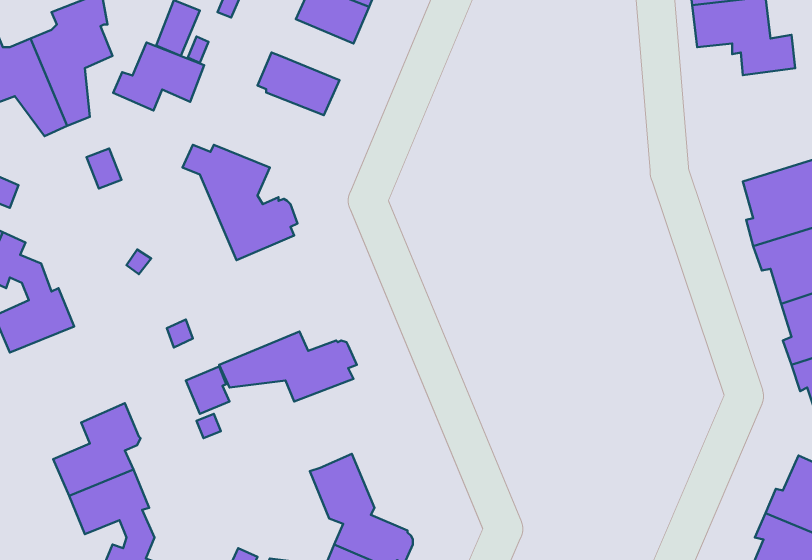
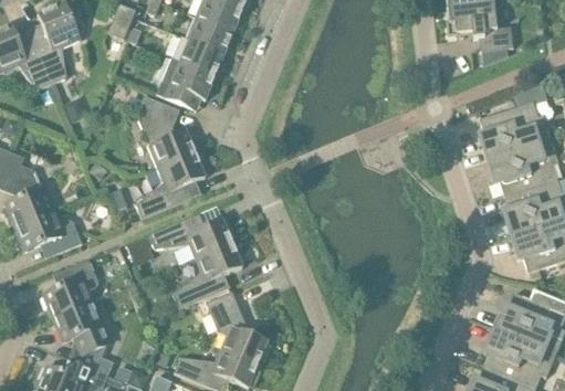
building: none -> [186,17,232,55]
building: [113,42,204,110] -> [156,63,213,106]
building: none -> [135,154,207,219]
building: none -> [14,211,82,255]
building: none -> [172,244,244,308]

